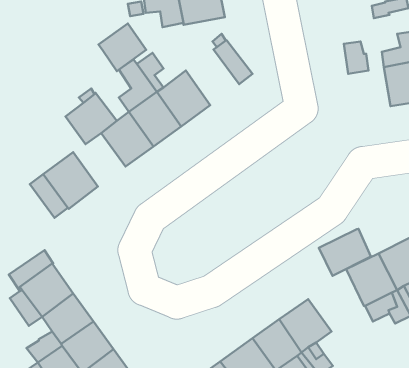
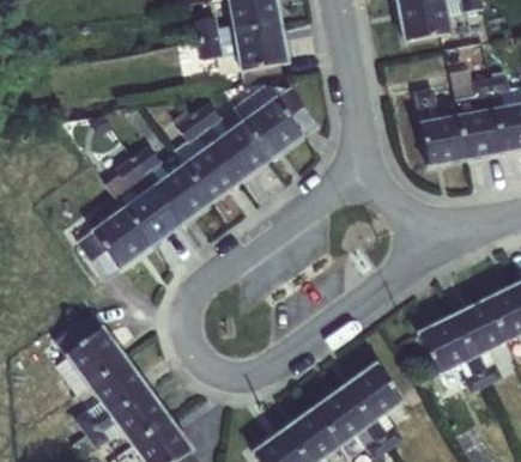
building: [98,23,146,71] -> none
building: none -> [246,96,303,156]
building: none -> [420,115,466,164]
building: none -> [125,186,181,243]
building: [319,229,371,276] -> none

